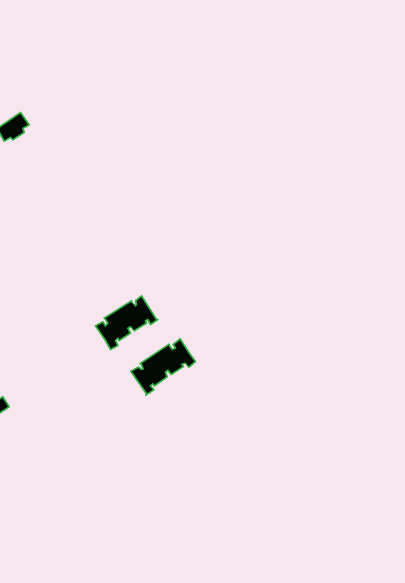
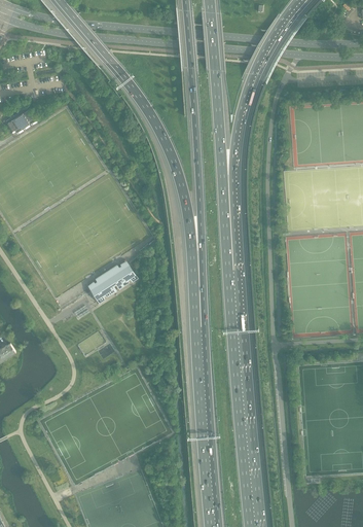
building: [131,339,196,395] -> none

